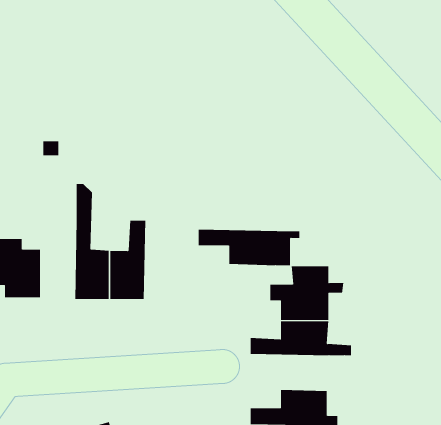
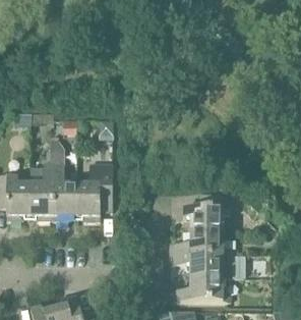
building: none -> [32,140,55,217]
building: [198,229,300,266] -> [171,254,239,278]

